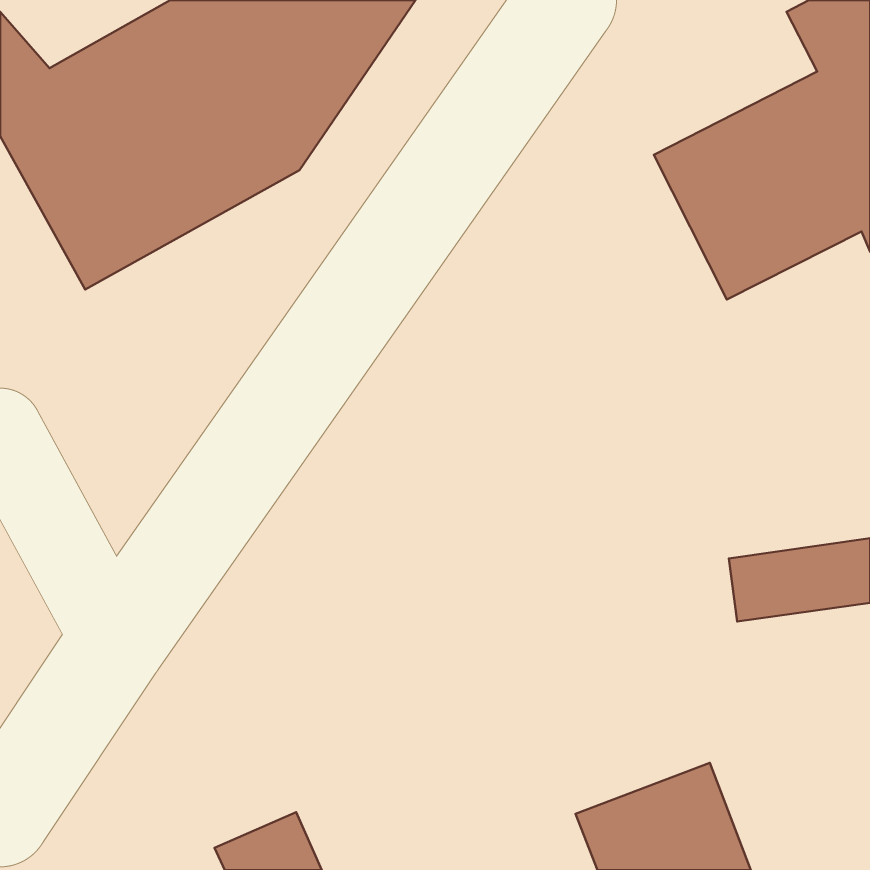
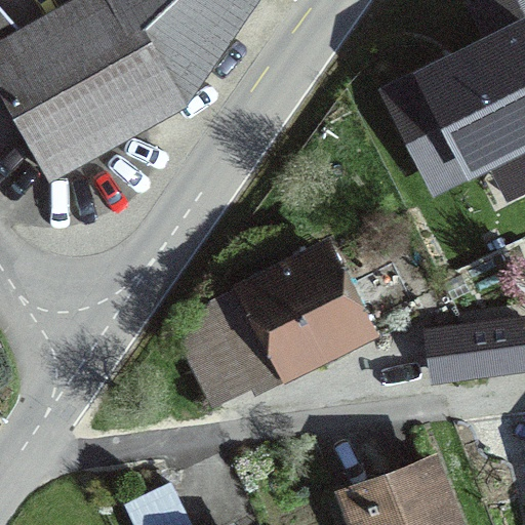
building: none -> [188,253,362,402]

